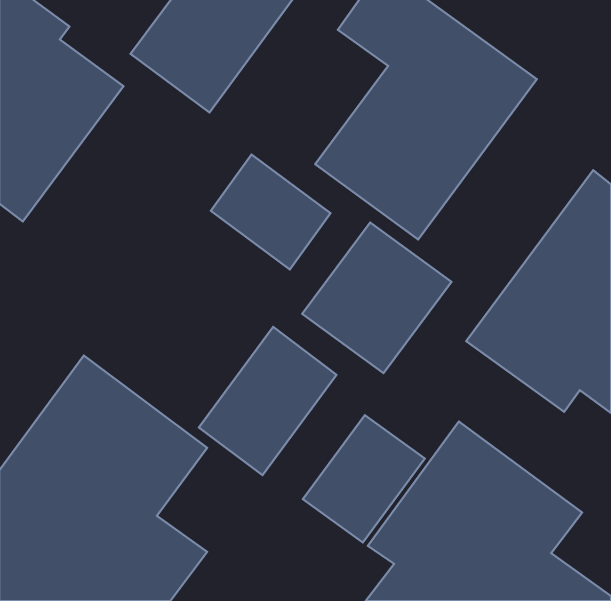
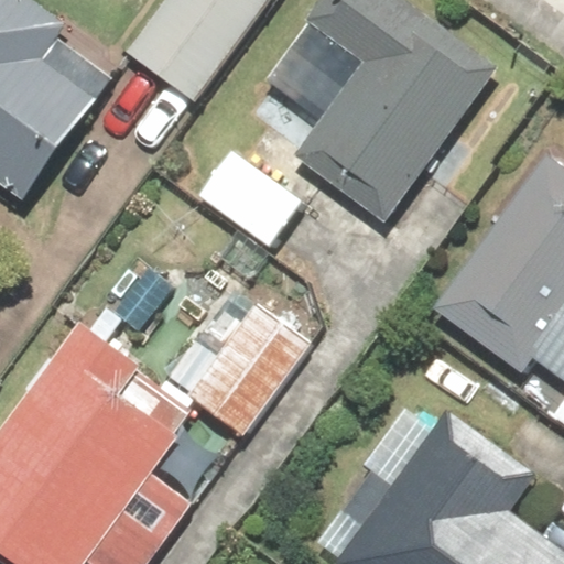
building: [302,223,451,373] -> none
building: [303,415,425,542] -> none

